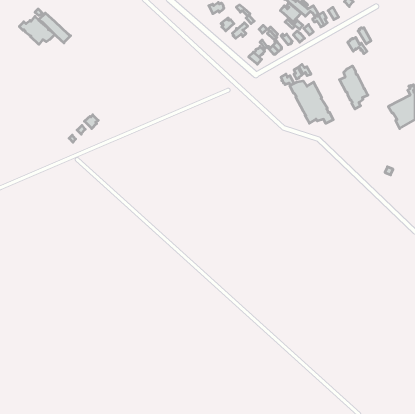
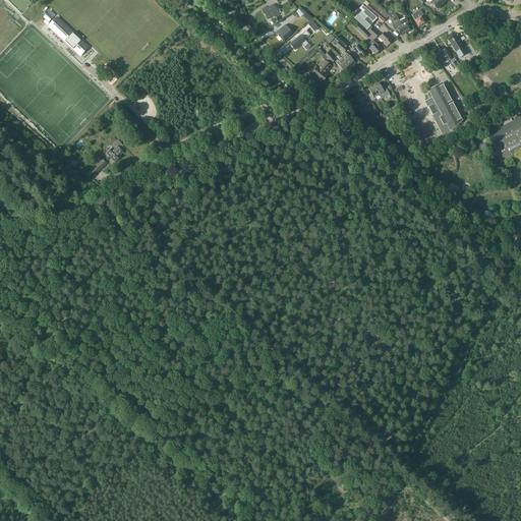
building: [19,16,55,44] -> none
building: [290,81,333,123] -> none

